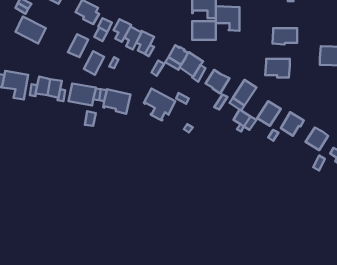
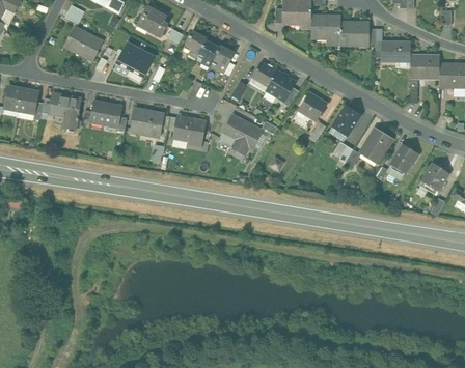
building: [192,21,216,40] -> [339,22,368,45]
building: [84,51,104,75] -> [115,41,140,70]
building: [265,59,290,78] -> [409,55,439,78]

